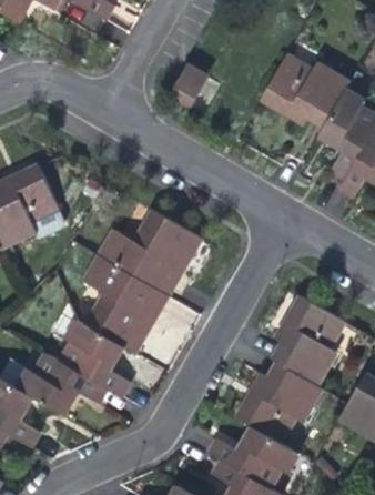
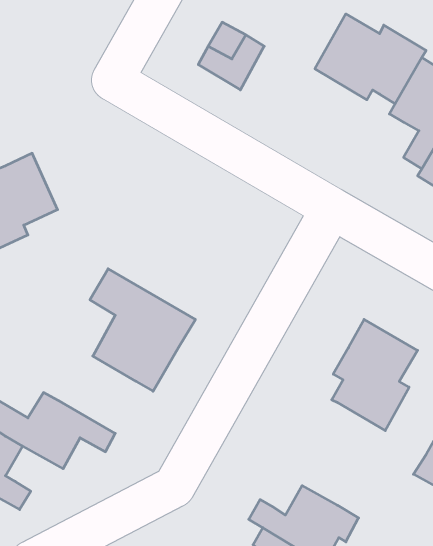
building: [99,210,201,295] -> none
building: [53,303,128,394] -> none
building: [237,361,321,442] -> none

